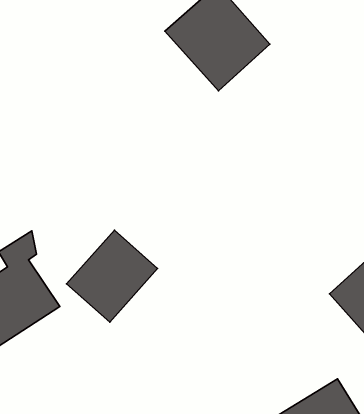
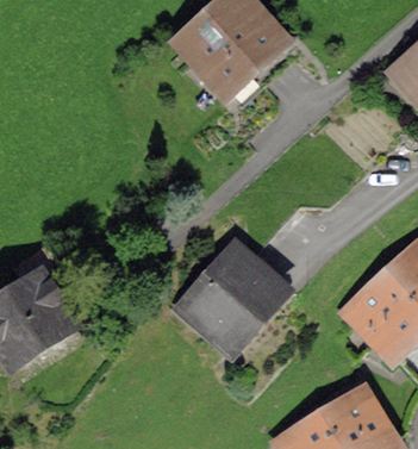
building: [67,230,158,322] -> [185,251,277,345]

